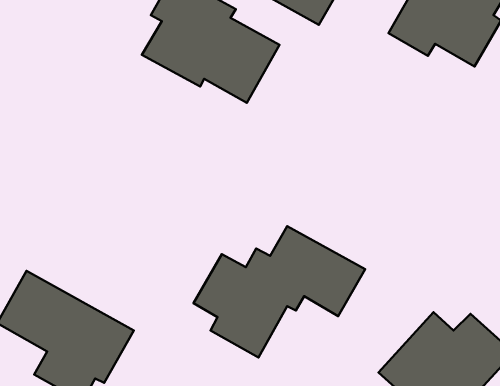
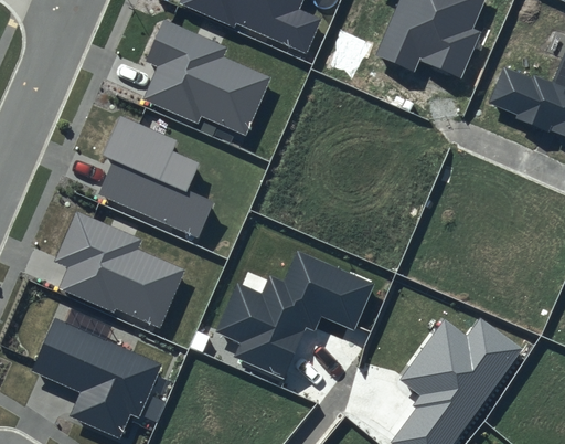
building: none -> [98,115,213,237]
building: none -> [55,212,185,327]

